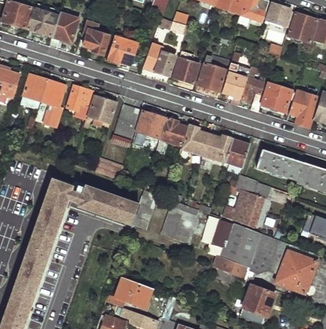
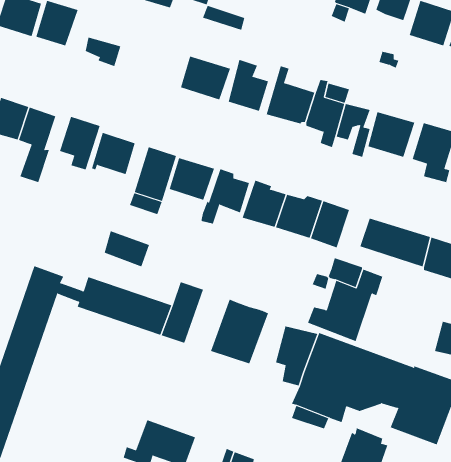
building: [108,36,137,64] -> none

